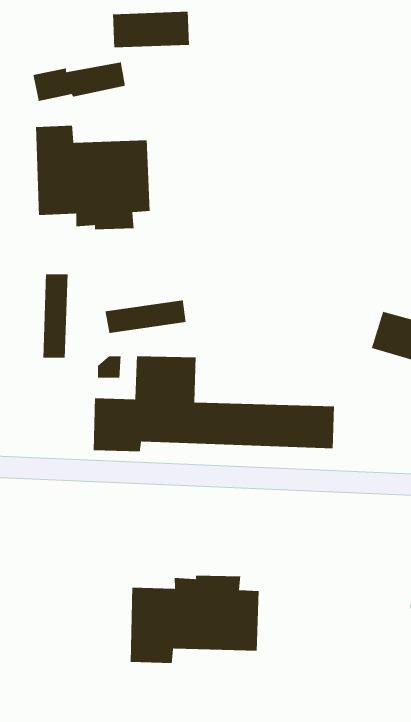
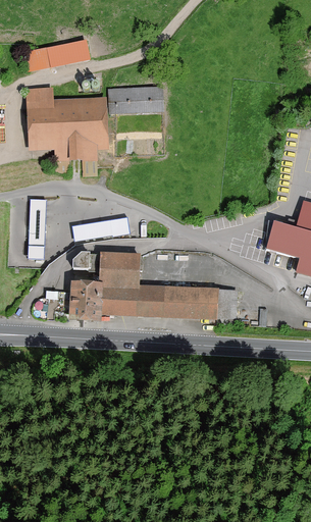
building: [112,11,190,48] -> [108,88,163,114]
building: [130,575,259,664] -> none

